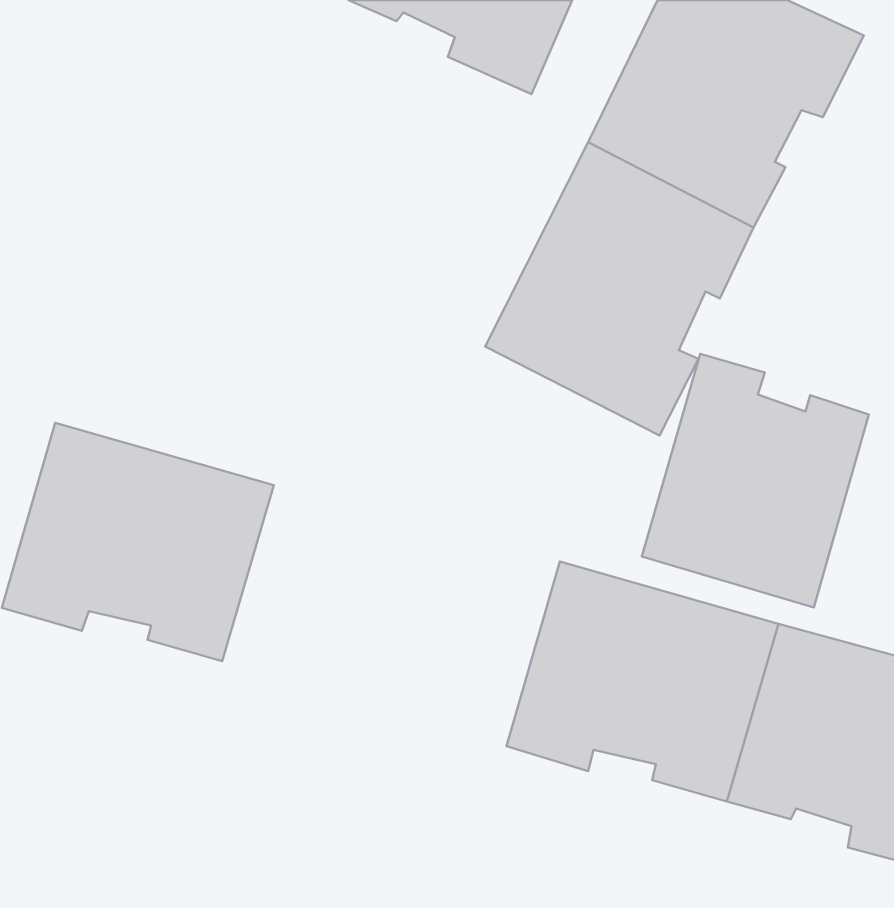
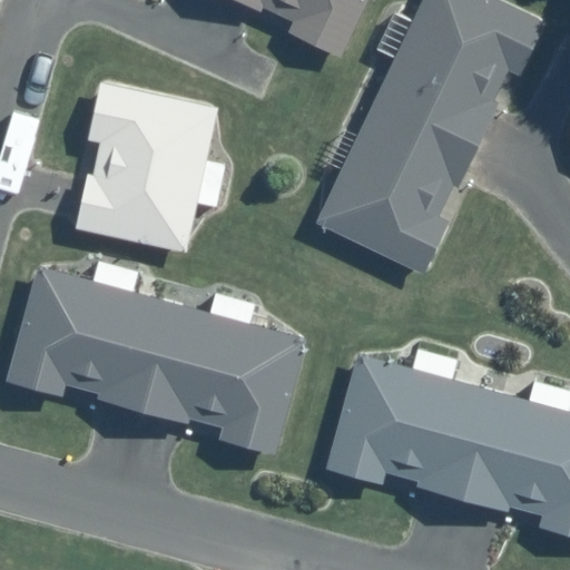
building: none -> [72,80,218,253]
building: [642,354,869,607] -> none
building: none -> [148,304,311,459]

